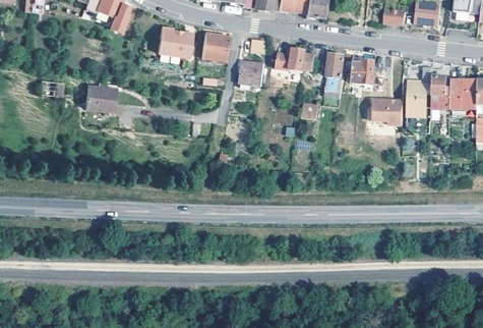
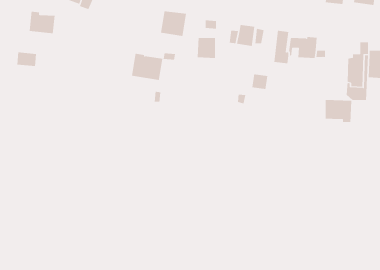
building: [158,25,193,56] -> [131,53,163,81]
building: [86,85,116,110] -> [29,11,55,34]
building: [373,100,404,125] -> [325,100,352,122]

